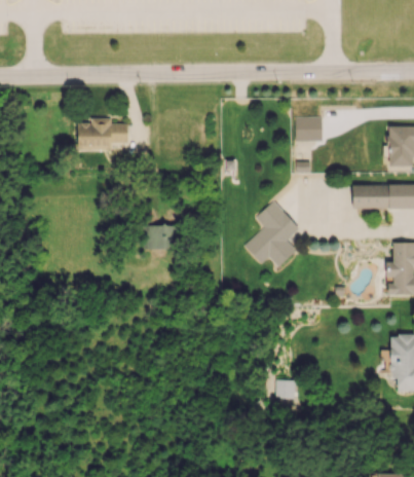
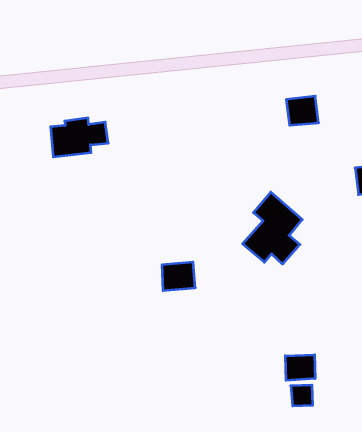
building: [147,225,177,249] -> [162,262,195,291]
building: none -> [285,355,315,380]

